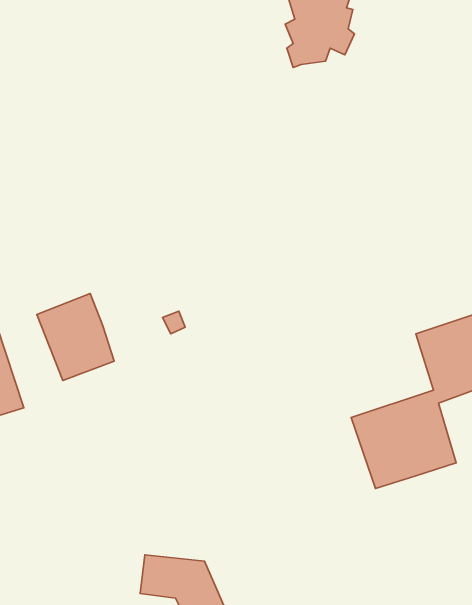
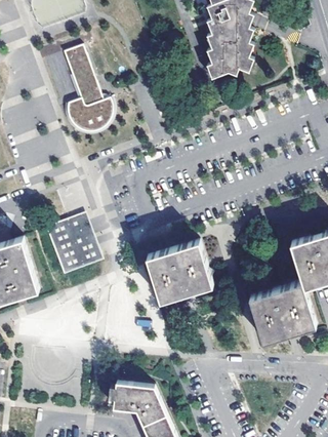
building: none -> [60,42,114,134]
building: none -> [146,241,212,303]

